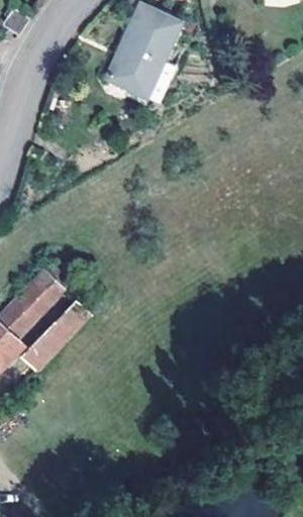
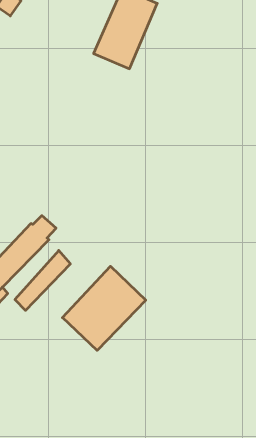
building: none -> [62,266,146,350]

